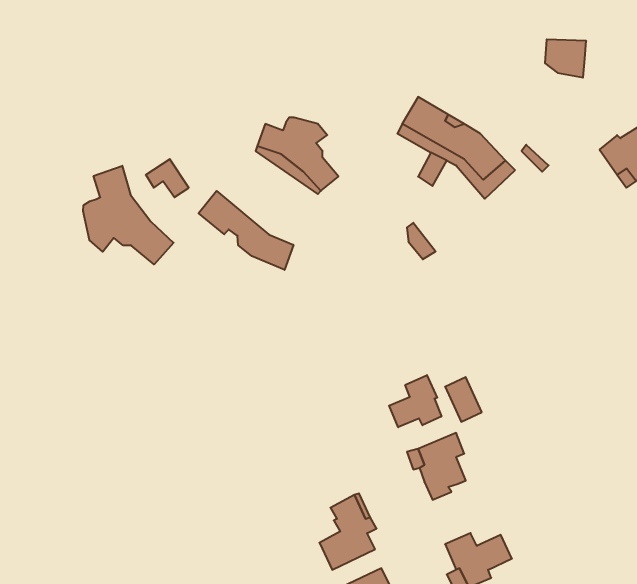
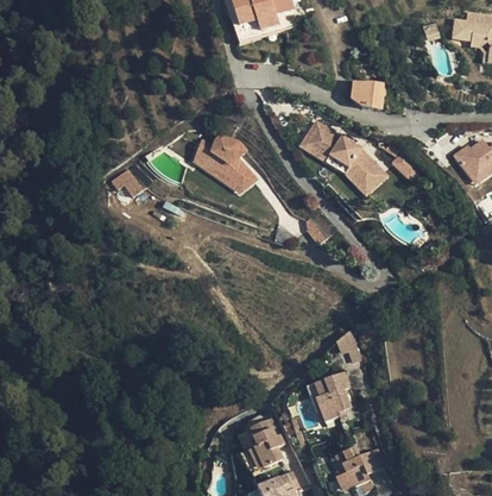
building: [545,39,586,78] -> [352,81,383,109]
building: [83,166,174,264] -> none
building: [199,191,293,270] -> none
building: [389,375,441,427] -> none

